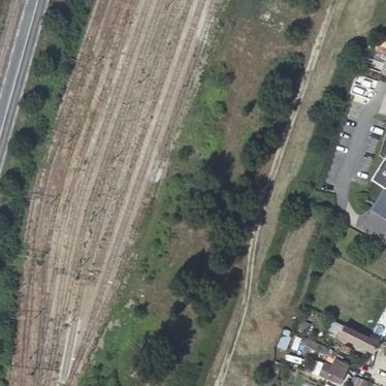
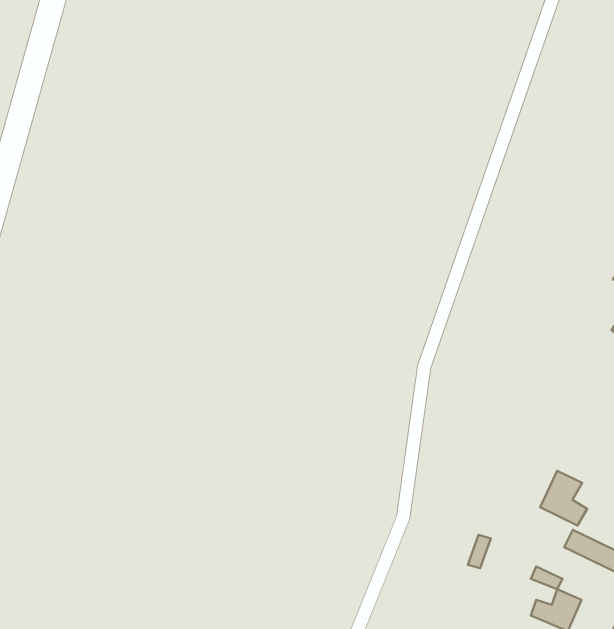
building: none -> [540,471,587,525]

